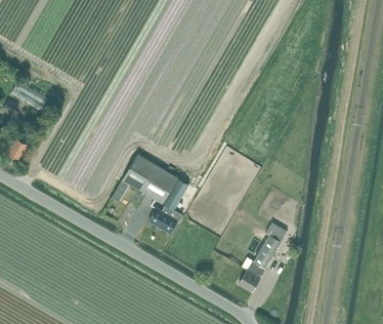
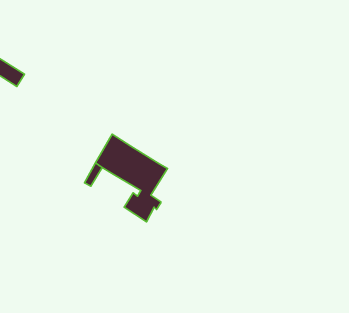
building: [238,222,286,292] -> none

